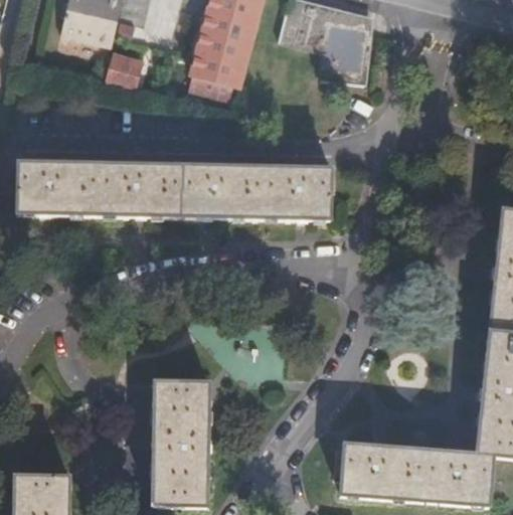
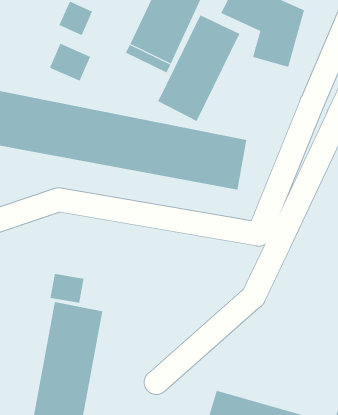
building: none -> [157,14,240,122]
building: none -> [49,43,91,81]
building: none -> [50,273,84,304]

